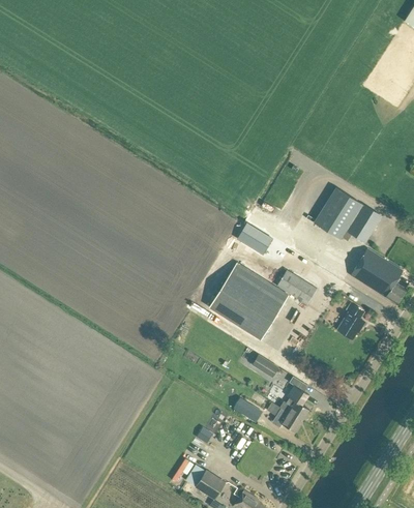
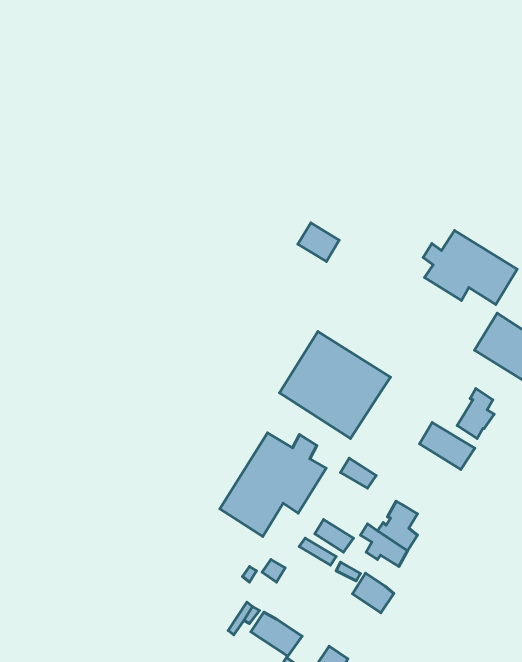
building: [237,222,267,250] -> [298,223,339,261]
building: [277,270,318,304] -> [419,422,475,469]
building: none -> [220,433,326,536]
building: none -> [353,573,394,613]

